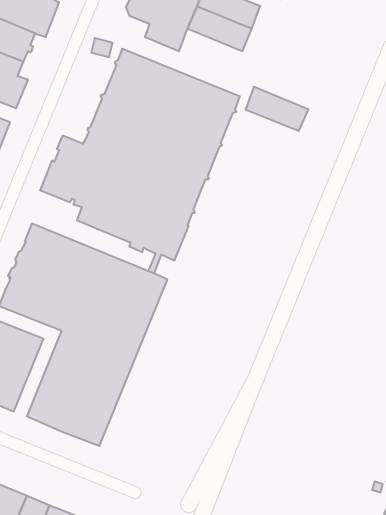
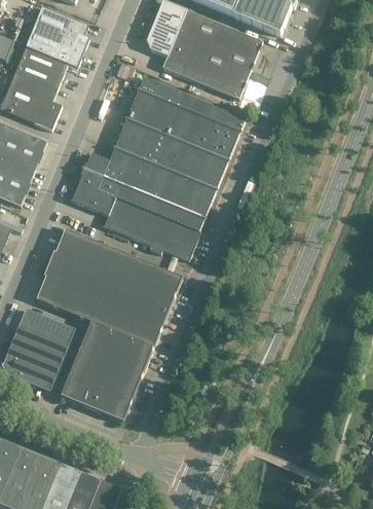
building: [245,87,308,131] -> [192,60,247,98]

